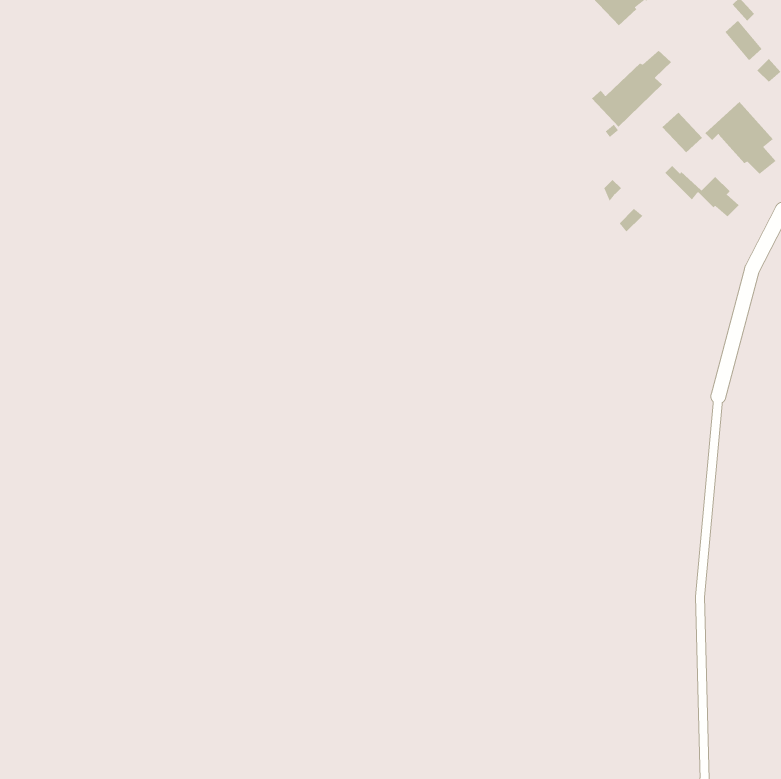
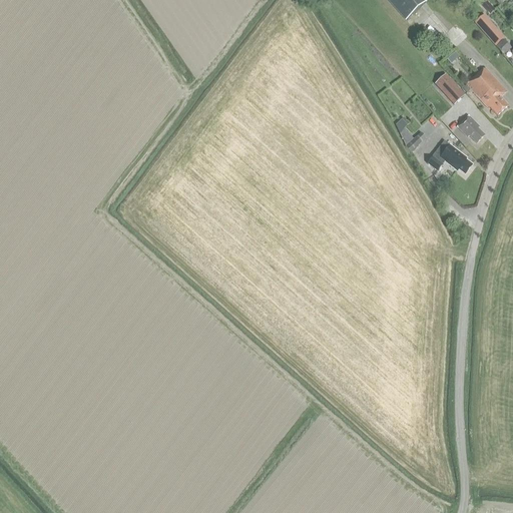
building: [591,50,672,127] -> none
building: none -> [428,140,472,173]

